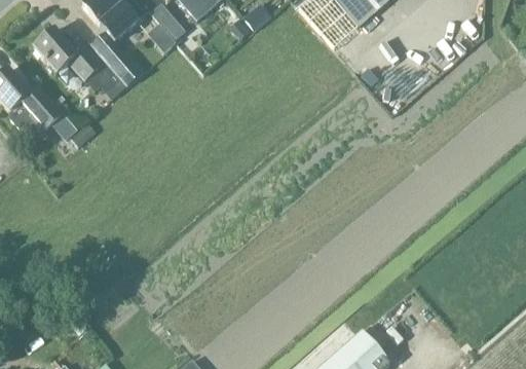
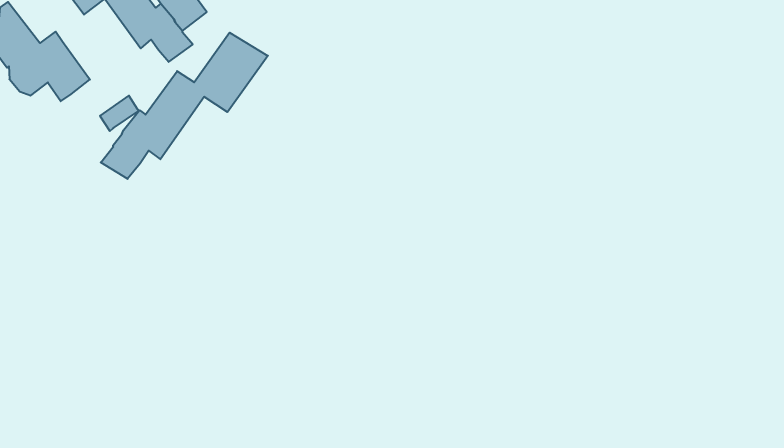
building: none -> [101,33,268,179]

